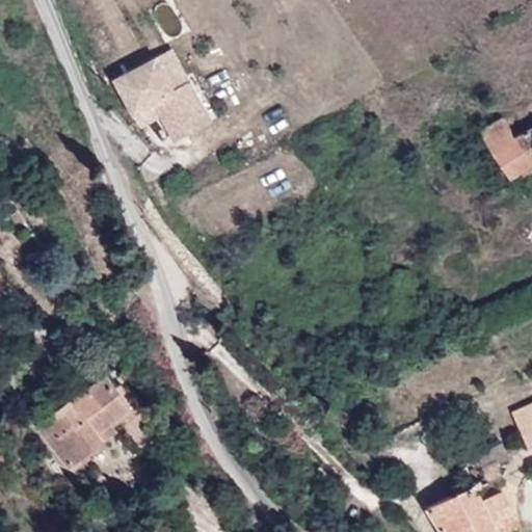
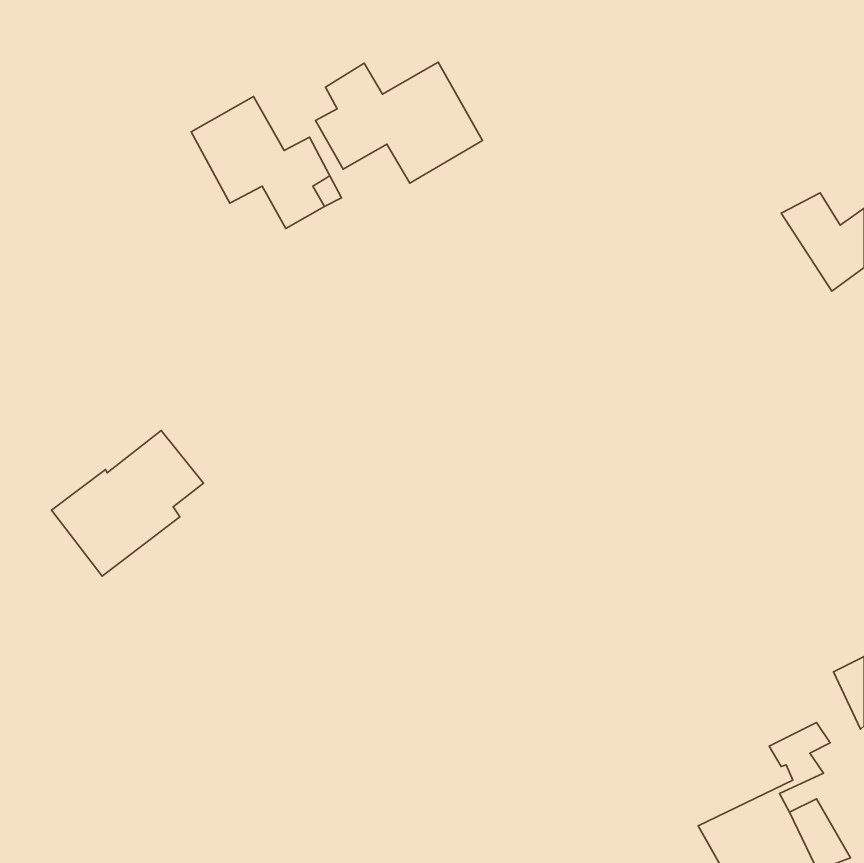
building: none -> [316,62,482,183]
building: [39,377,133,467] -> [51,431,204,576]

